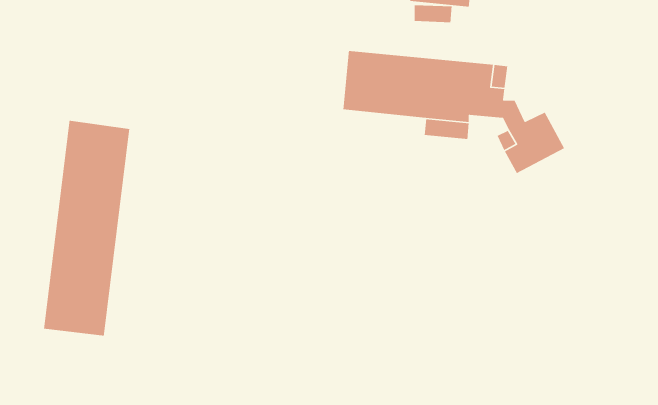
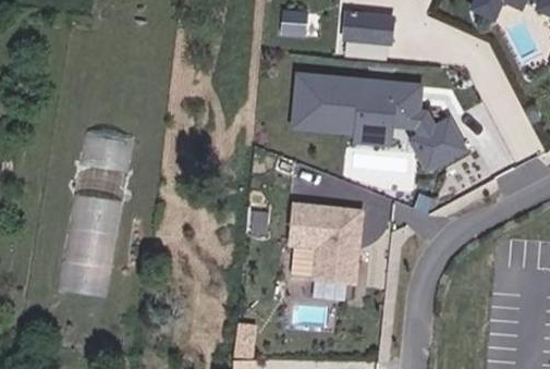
building: none -> [285,200,358,280]

